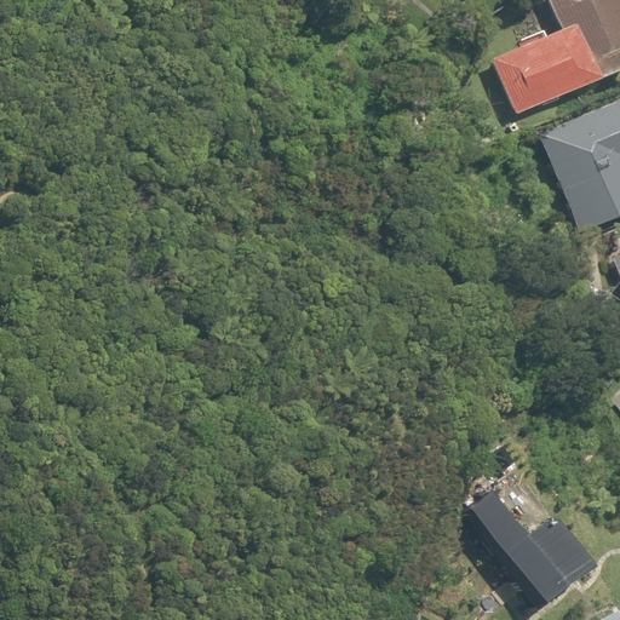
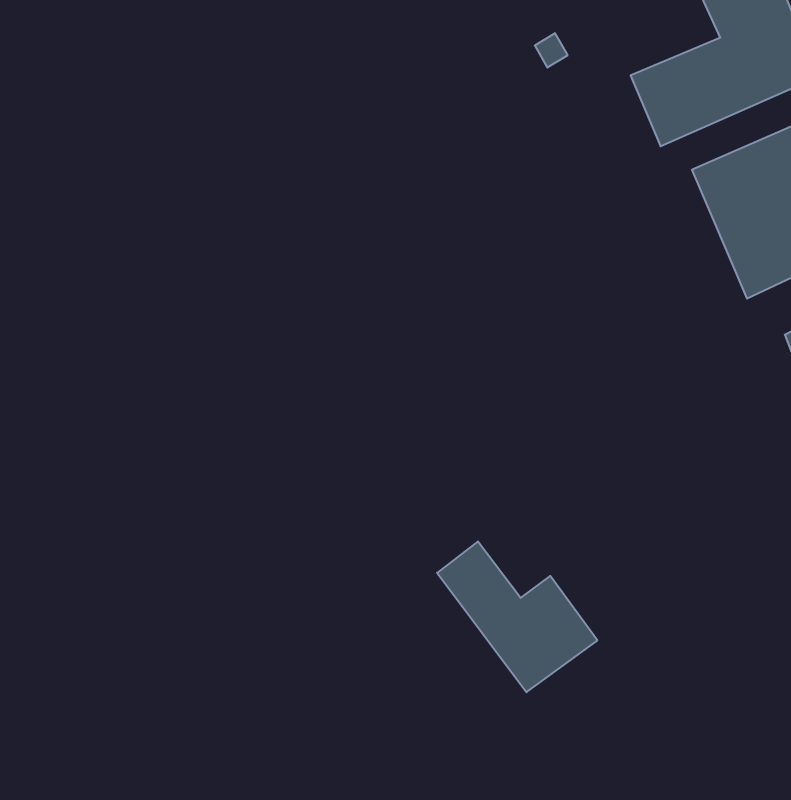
building: [465,488,589,604] -> [437,541,597,692]

